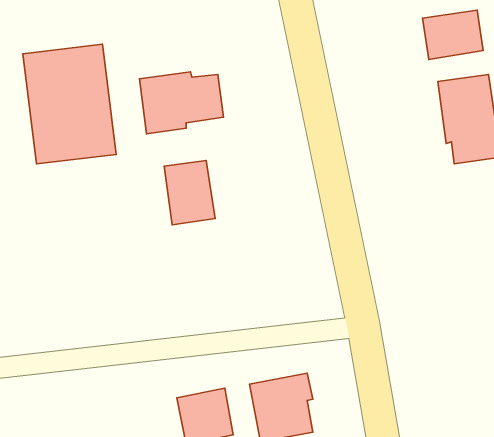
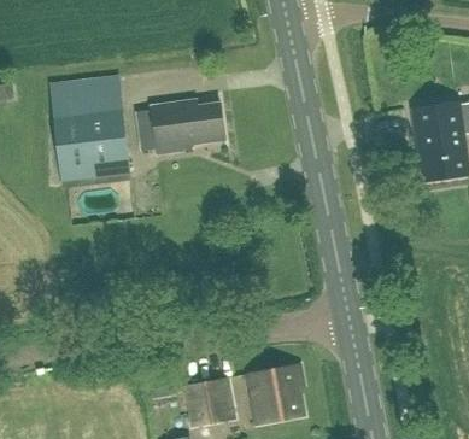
building: [422,10,483,60] -> none
building: [164,160,215,225] -> none

